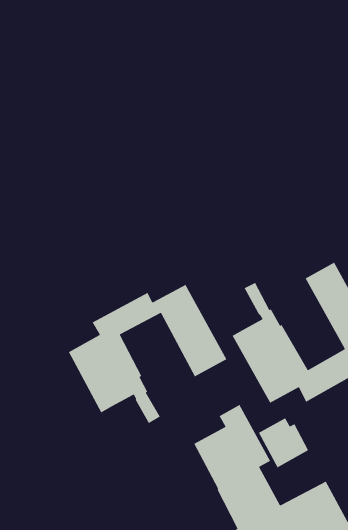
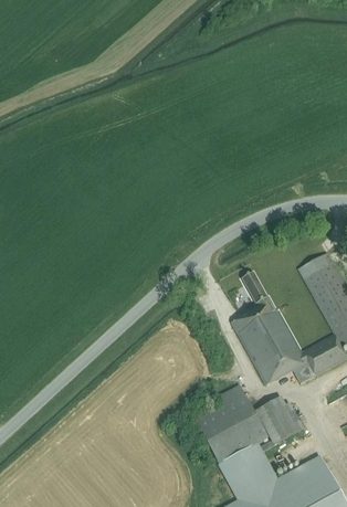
building: [68,284,227,424] -> none

